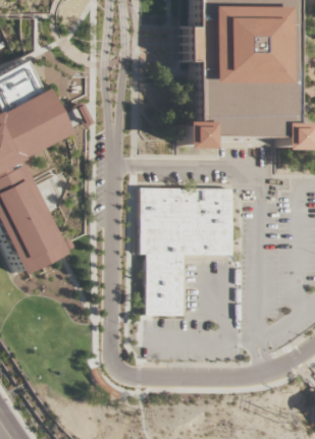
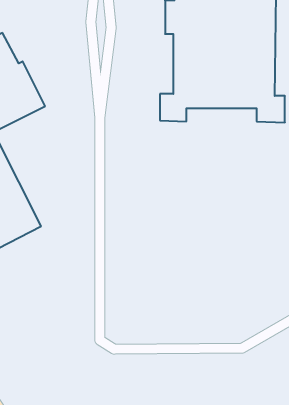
building: [146,188,239,317] -> none

